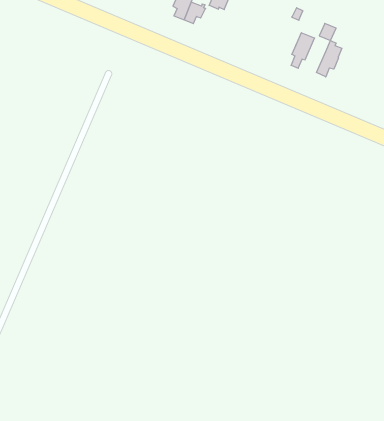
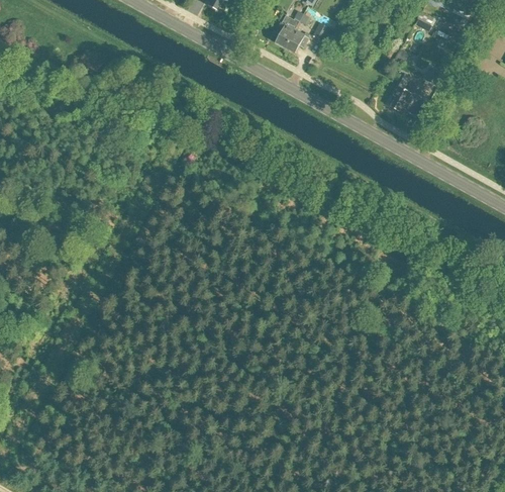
building: [316,40,342,77] -> none

